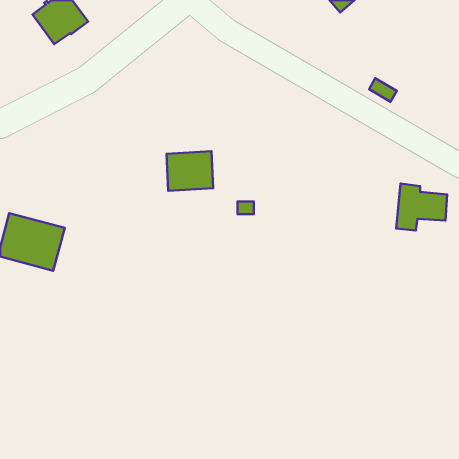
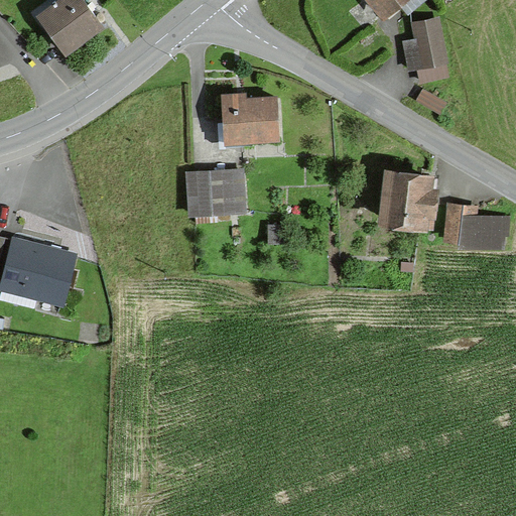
building: none -> [413,20,442,64]
building: none -> [221,96,276,142]
building: none -> [381,173,434,225]

